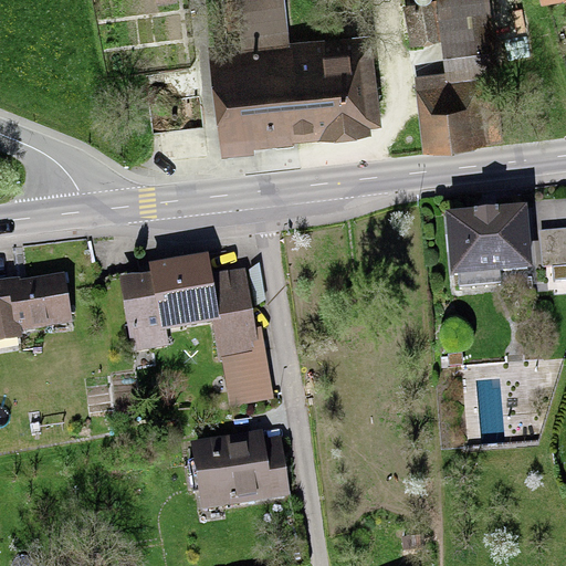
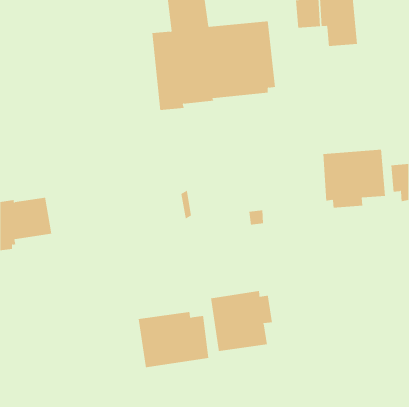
building: [415,64,488,148] -> none
building: [118,253,273,406] -> none
building: none -> [211,290,272,352]

